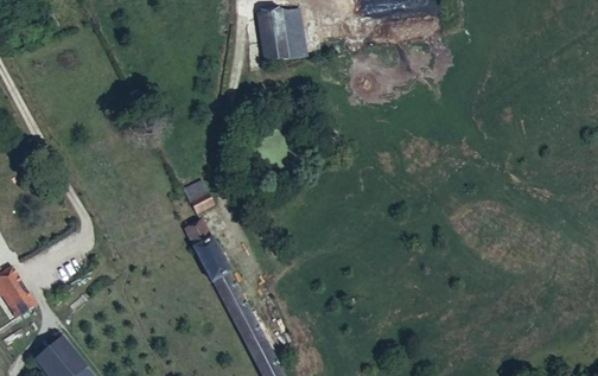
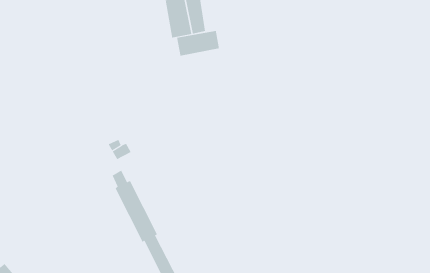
building: none -> [177,30,219,57]

